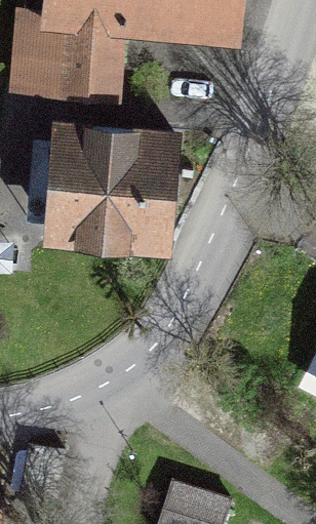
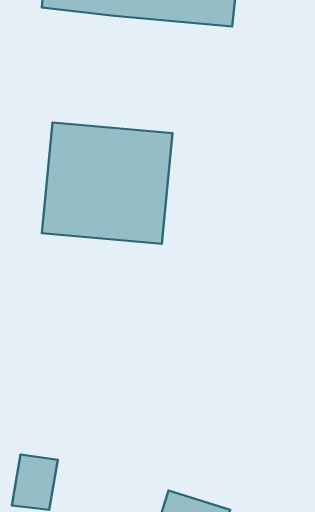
building: [12,14,115,97] -> none

